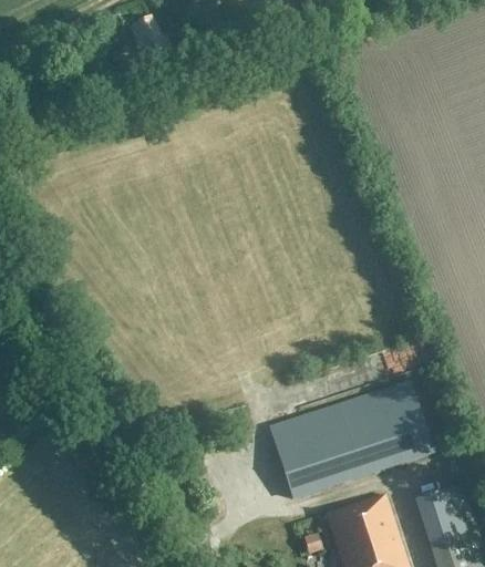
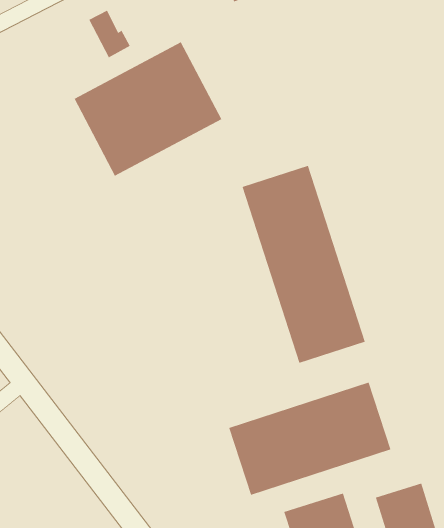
building: none -> [73,41,223,177]
building: none -> [241,165,366,364]

